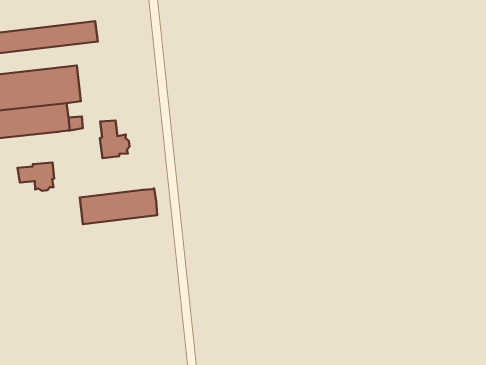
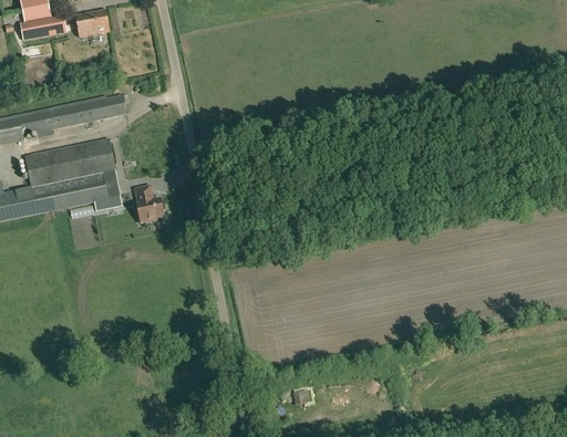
building: [18,162,54,191] -> none
building: [80,189,157,224] -> none

